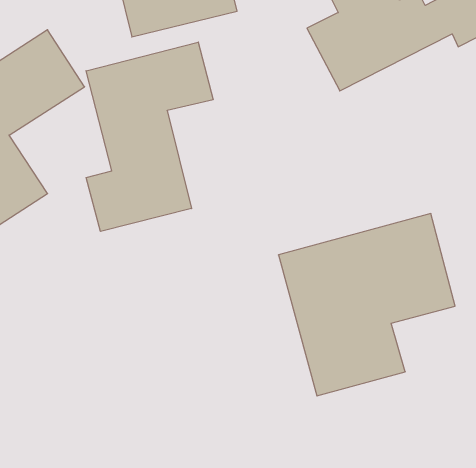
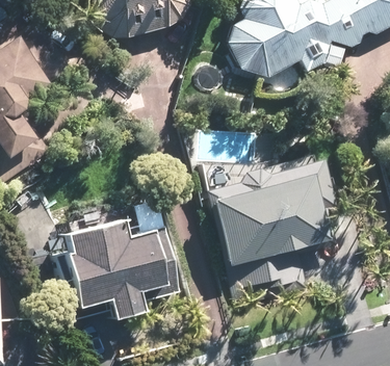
building: [86,42,213,231] -> none
building: none -> [52,218,178,313]

